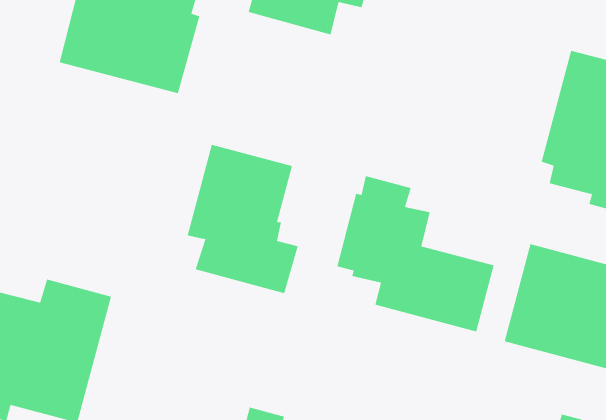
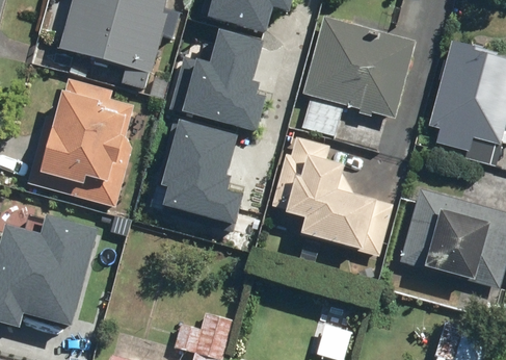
building: none -> [301,17,415,121]
building: none -> [172,27,265,127]
building: none -> [27,80,133,208]

